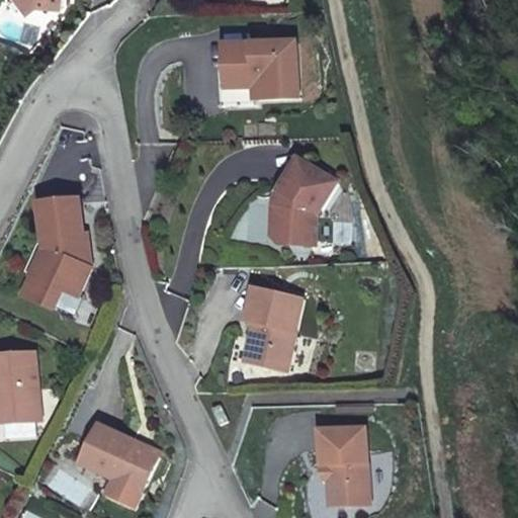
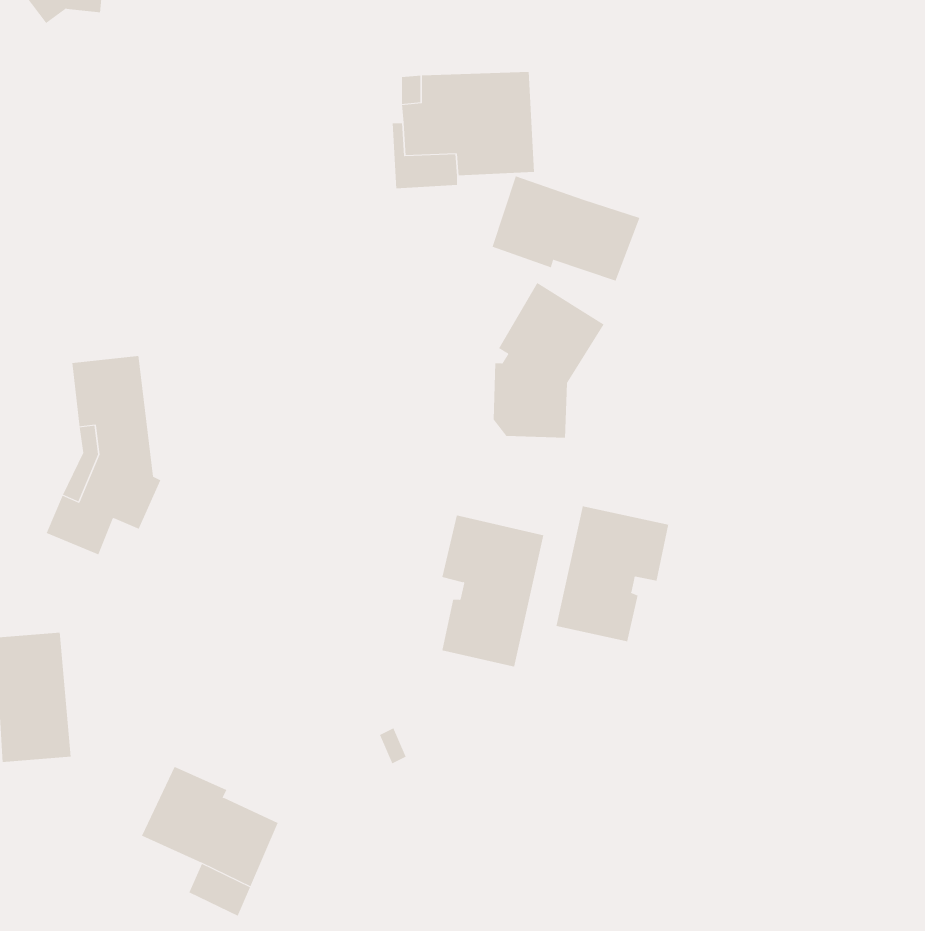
building: none -> [492,175,640,282]
building: none -> [556,505,669,642]
building: [319,426,367,503] -> none

